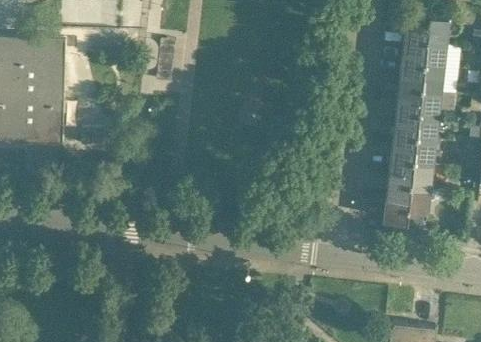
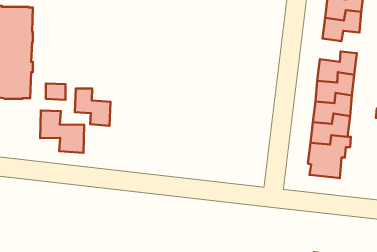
building: [398,67,444,103] -> none
building: none -> [75,88,110,126]
building: none -> [40,110,84,153]

